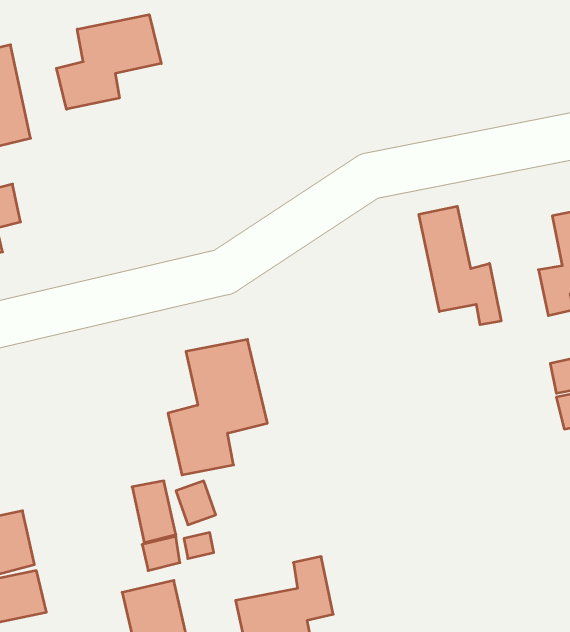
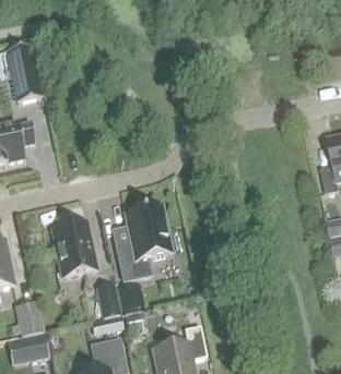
building: [56,15,161,109] -> none
building: [419,206,501,325] -> none
building: none -> [51,221,96,277]

